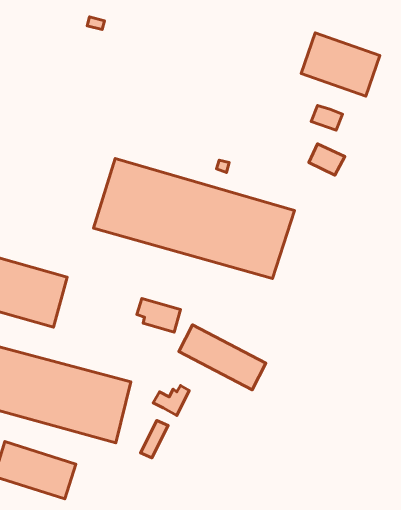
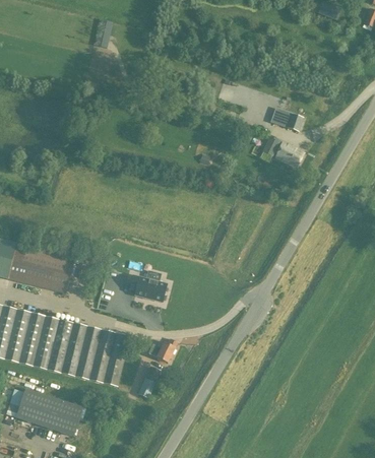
building: [301,33,380,96] -> none
building: [93,158,295,278] -> none
building: [179,325,266,390] -> none

